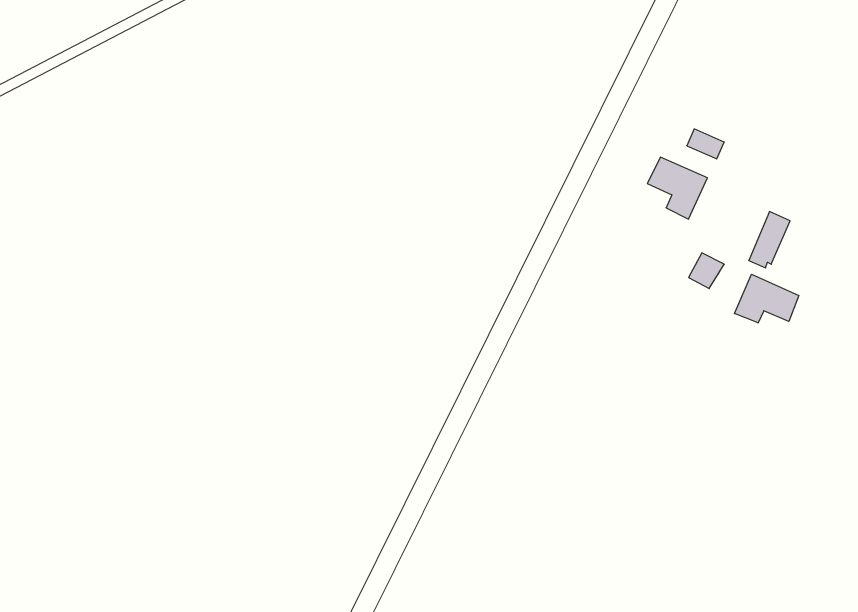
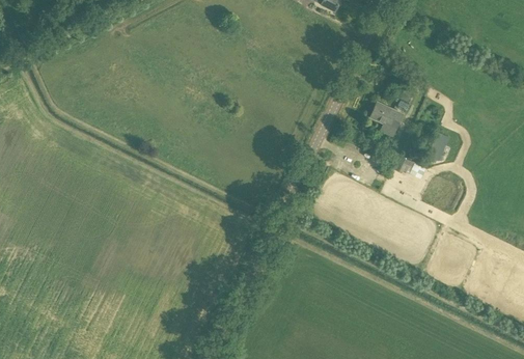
building: [734,274,799,323] -> none

